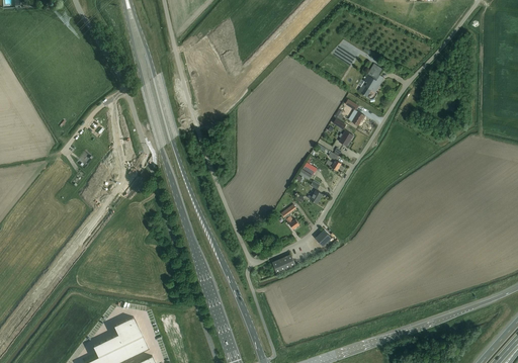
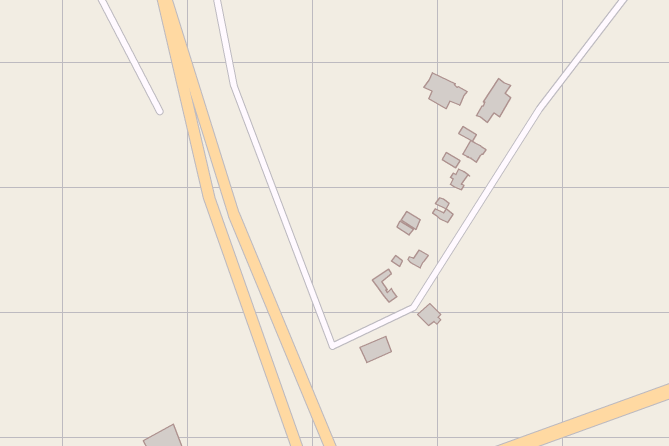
building: none -> [424,73,467,109]

